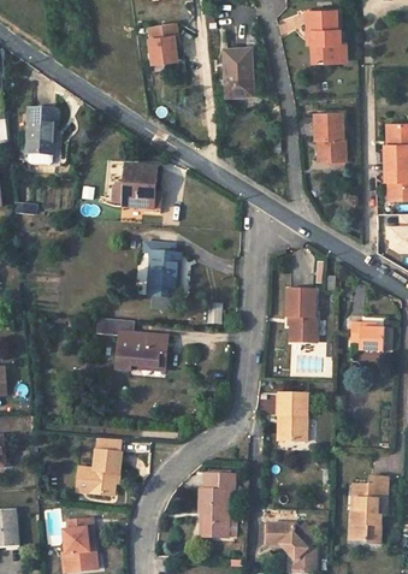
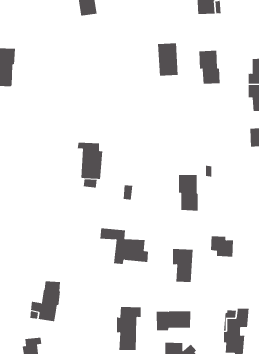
building: [223,48,253,95] -> [157,43,179,76]
building: [122,164,155,208] -> none
building: [95,318,165,369] -> [100,228,149,264]
building: [349,321,383,351] -> [210,236,234,257]
building: none -> [156,310,191,331]

